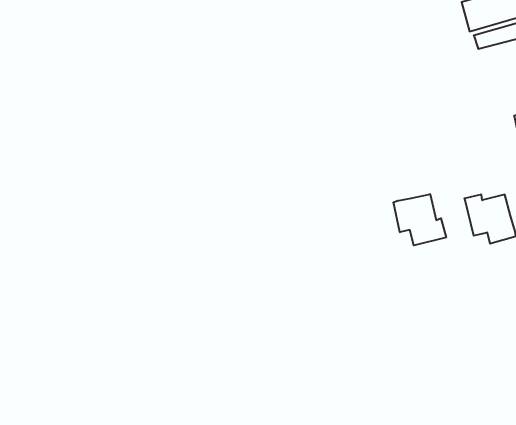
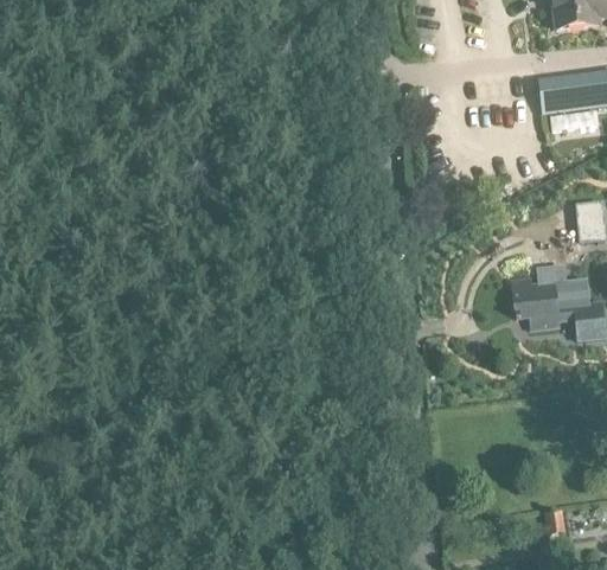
building: [393,194,446,245] -> none

